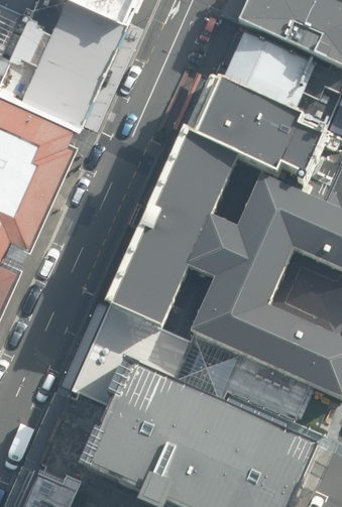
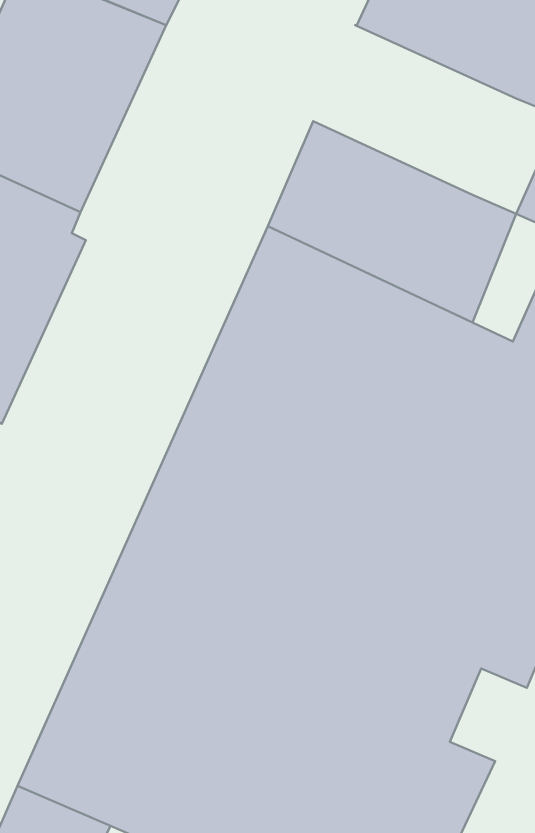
building: [211,22,328,120] -> none

